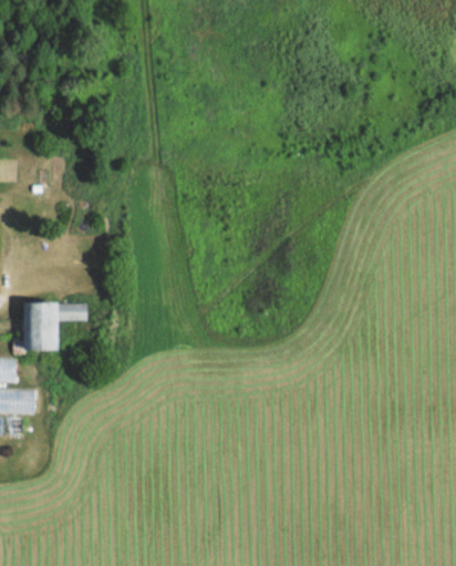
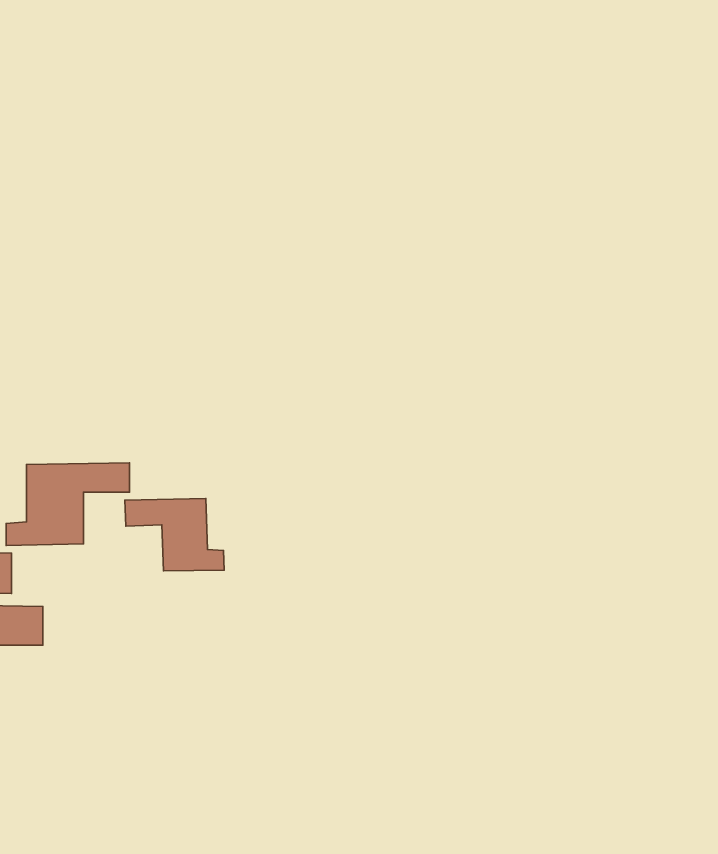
building: none -> [125,499,224,571]

